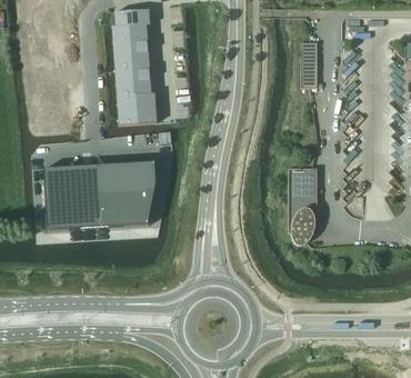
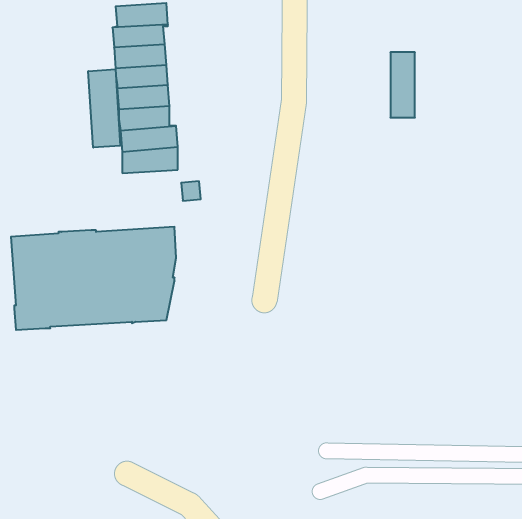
building: none -> [88,69,120,148]
building: [289,167,318,245] -> none

